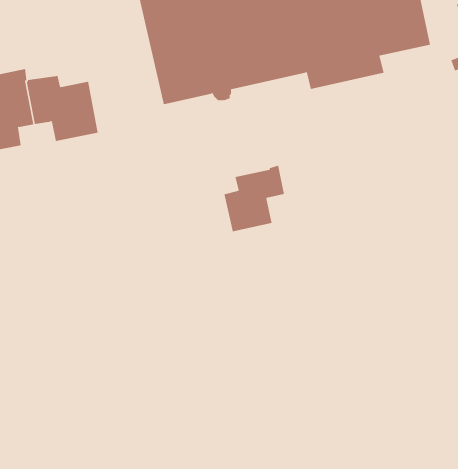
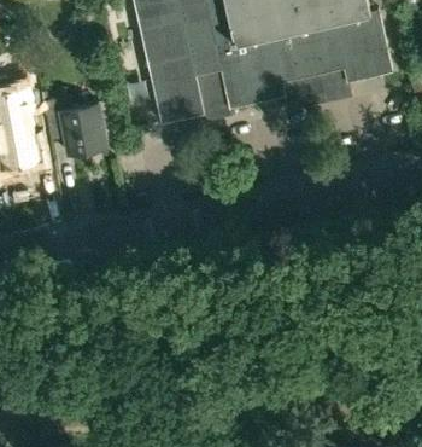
building: [224,165,285,232] -> none

